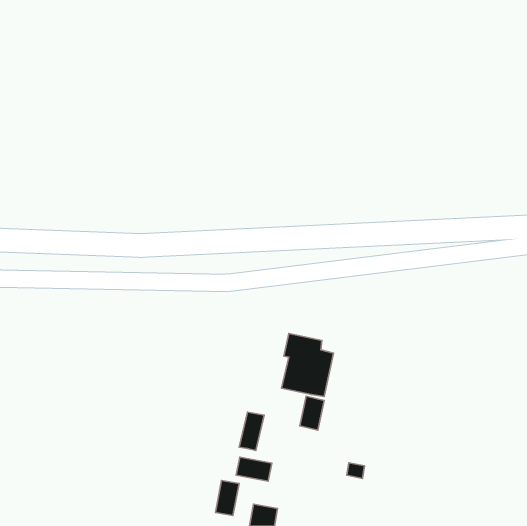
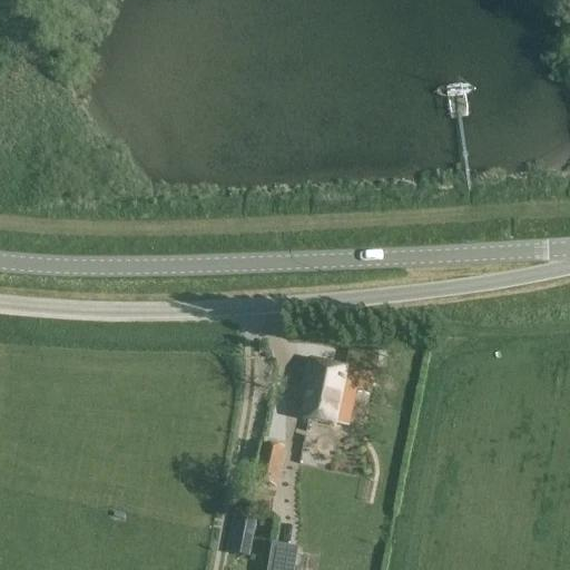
building: [300,396,324,430] -> none
building: [236,457,272,481] -> none

